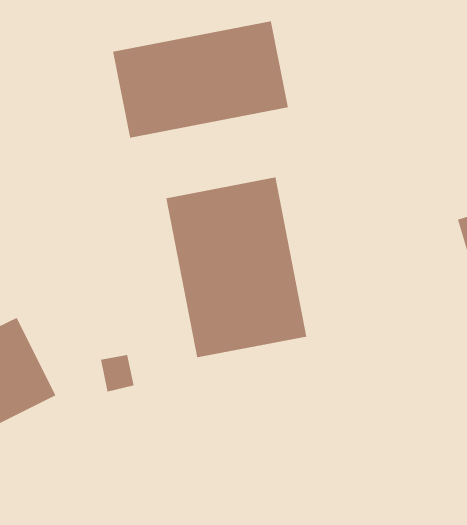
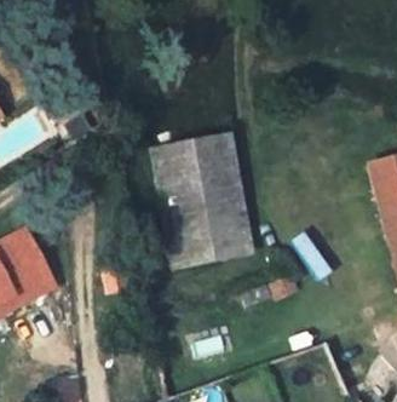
building: [113,20,288,138] -> none

